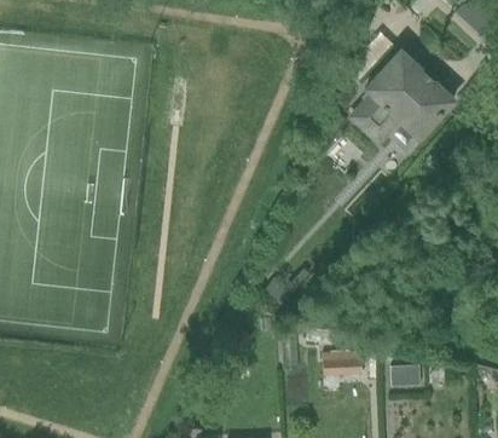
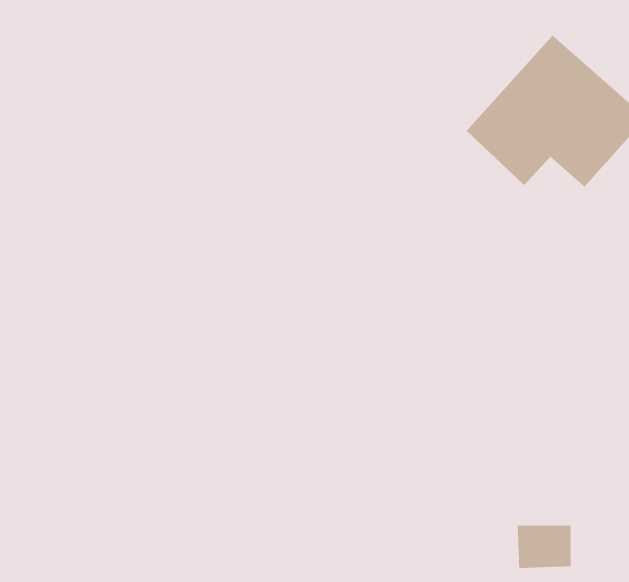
building: [309,351,352,375] -> none

